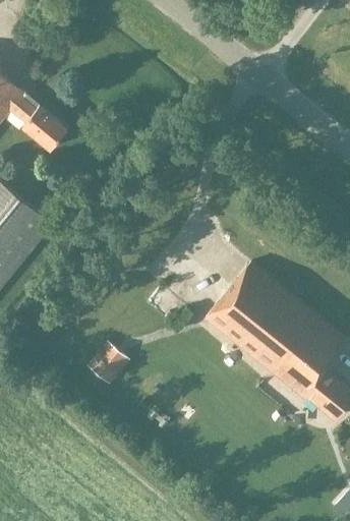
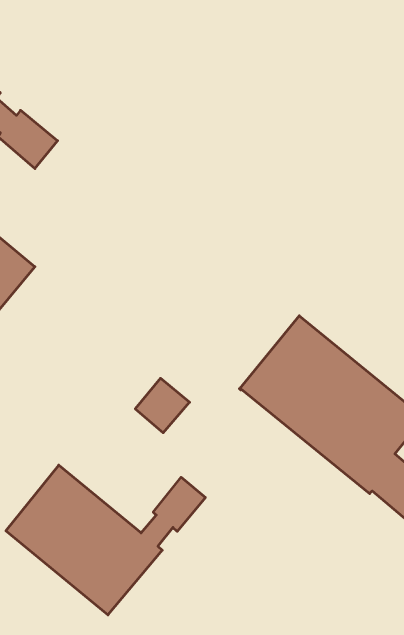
building: [89,343,130,385] -> [135,378,190,433]
building: none -> [6,465,205,615]

